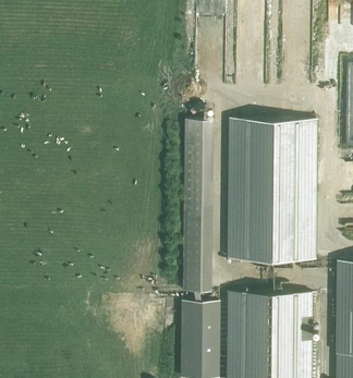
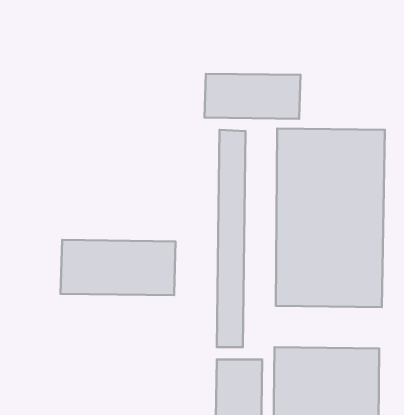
building: none -> [205,74,300,119]
building: none -> [61,240,176,295]

